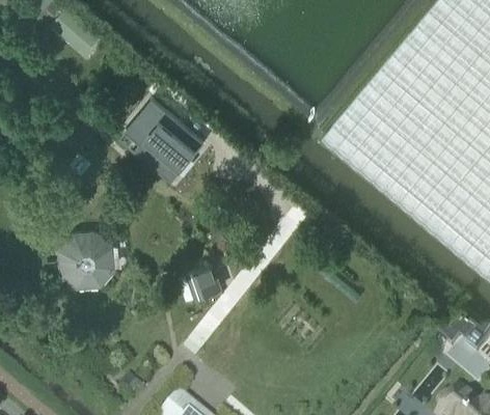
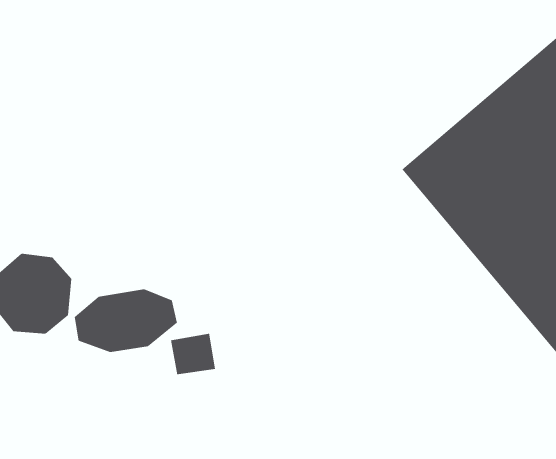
building: [127,101,205,175] -> none
building: none -> [74,288,177,353]

